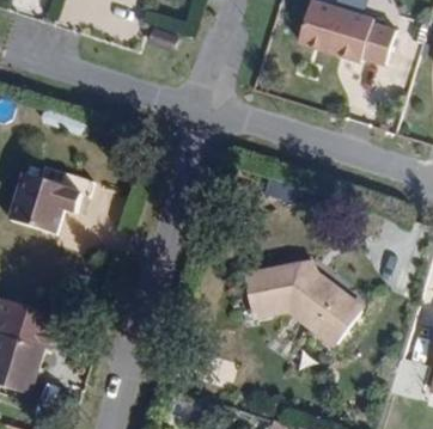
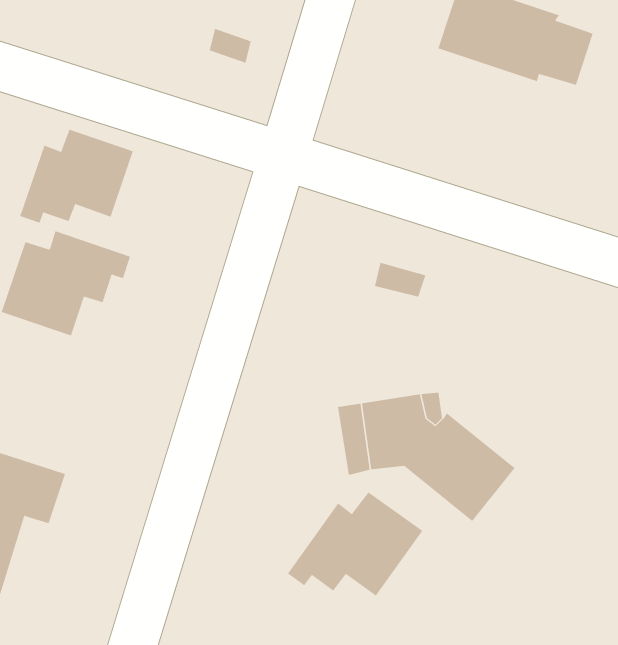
building: none -> [20,129,133,224]
building: none -> [287,491,423,597]

